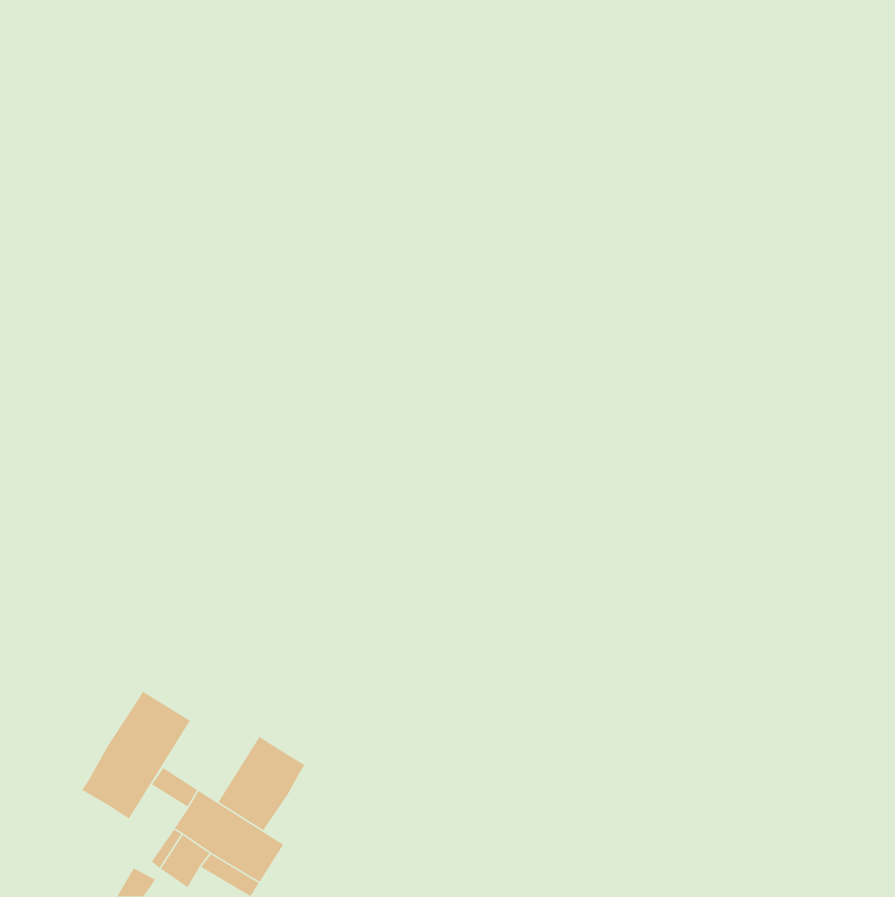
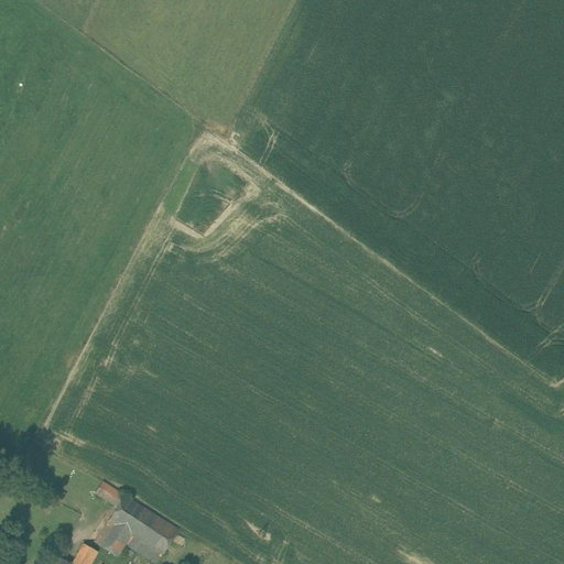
building: [81,691,191,820] -> none
building: [217,736,305,831] -> none

